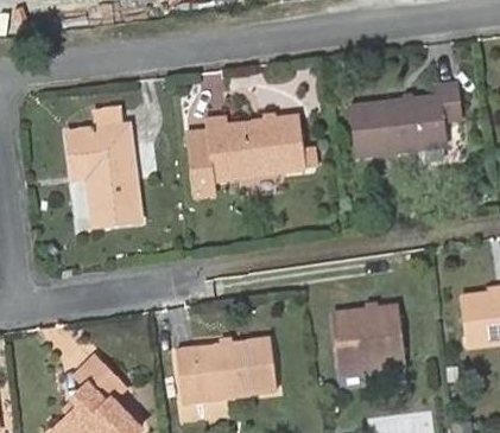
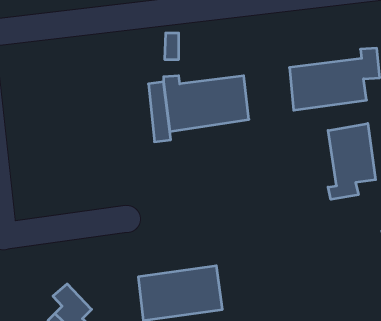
building: [69,106,138,224] -> none
building: none -> [328,123,376,199]
building: [333,310,404,372] -> none

